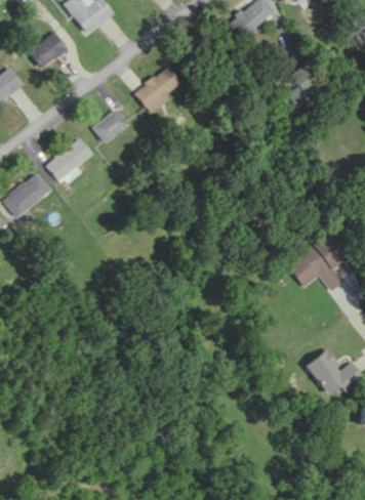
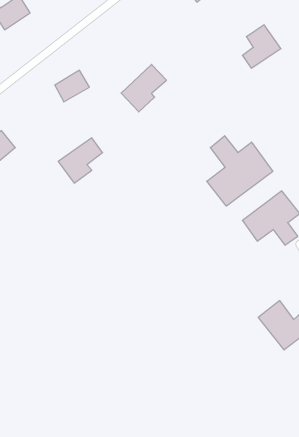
building: [133,65,180,114] -> [121,64,166,112]
building: [46,138,92,185] -> [58,138,103,183]
building: none -> [207,136,273,206]

